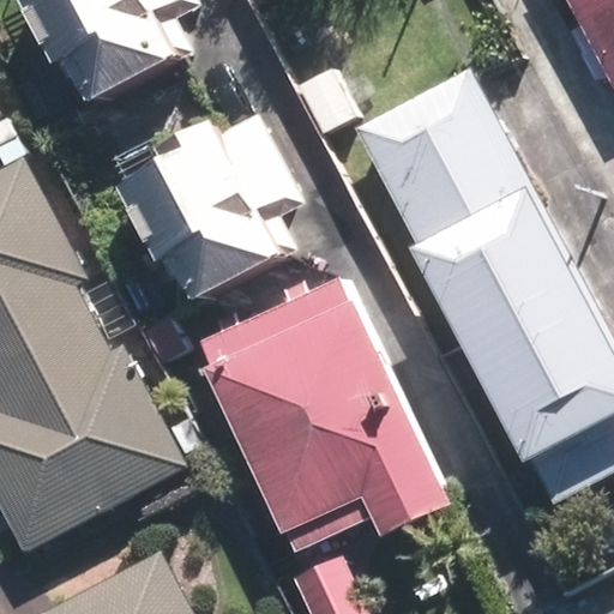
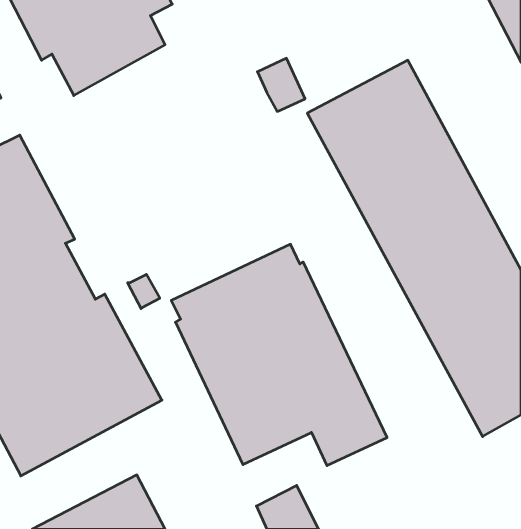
building: [113,112,306,307] -> none

